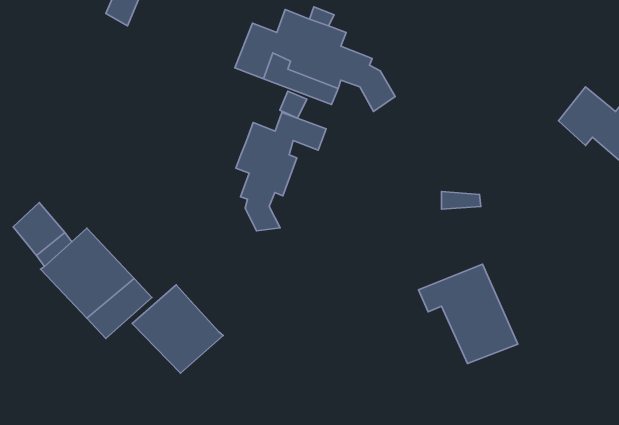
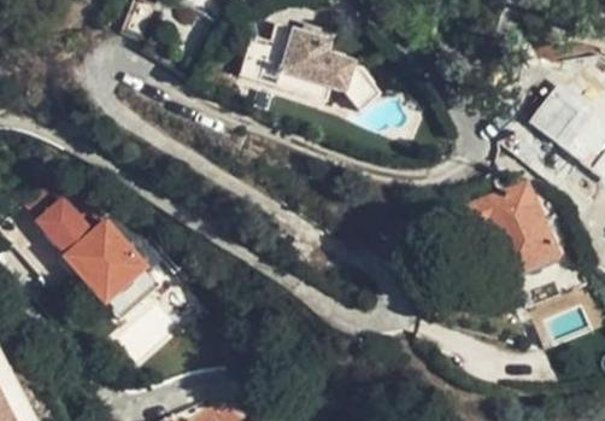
building: [236,113,326,231] -> none
building: [419,264,518,363] -> [469,181,557,269]
building: [132,285,223,373] -> none

